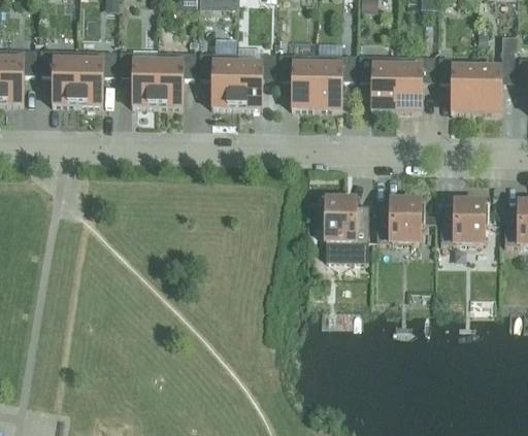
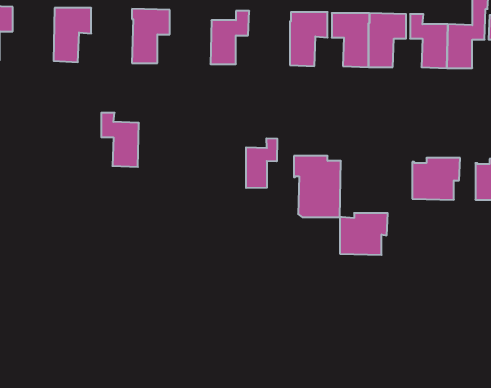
building: [39,47,78,102] -> none
building: [120,49,158,104] -> [101,113,139,167]
building: [199,51,238,105] -> none
building: [278,52,318,106] -> none
building: none -> [246,138,277,188]
building: [376,199,425,241] -> [340,213,388,255]

